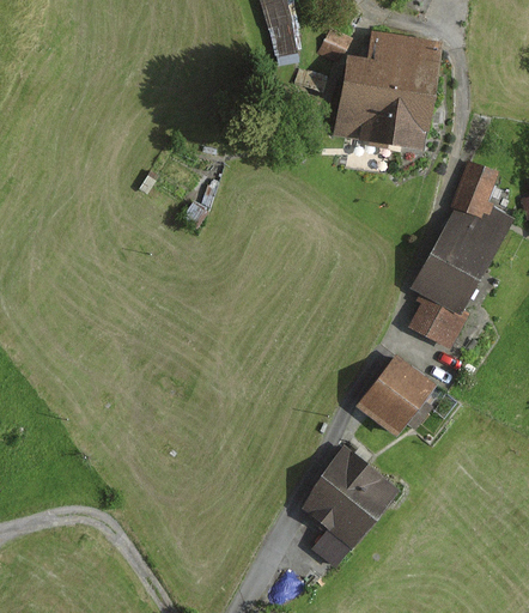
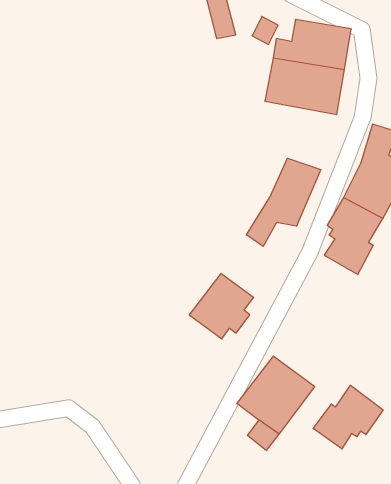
building: none -> [246,158,321,246]
building: [357,354,437,436] -> [189,273,254,339]
building: none -> [313,385,383,449]

